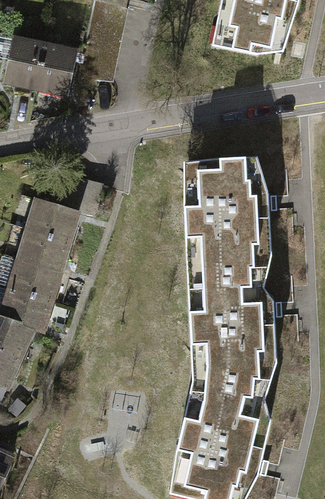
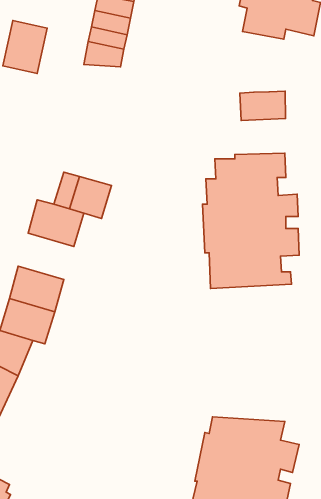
building: [35,45,75,93] -> none
building: none -> [240,91,286,120]
building: [18,230,68,272] -> none
building: [190,276,277,400] -> none

